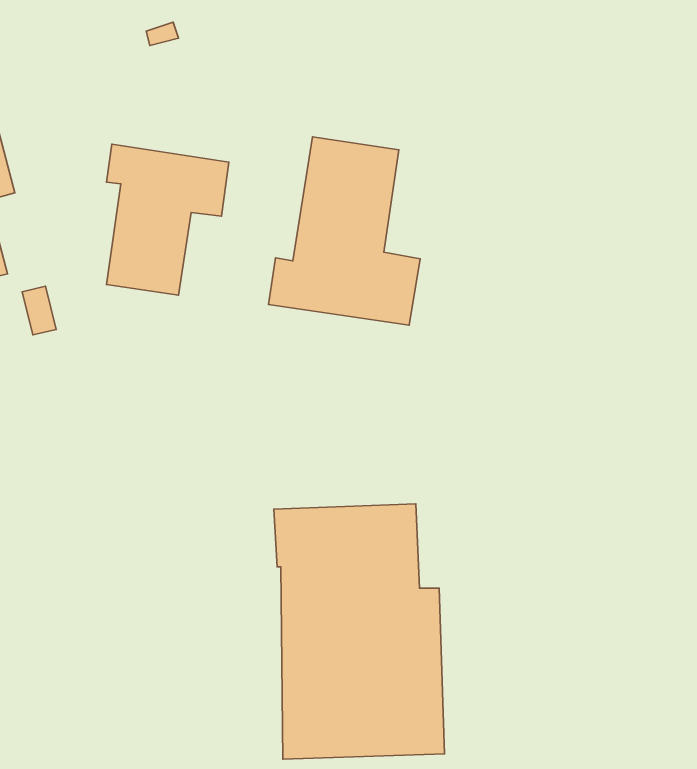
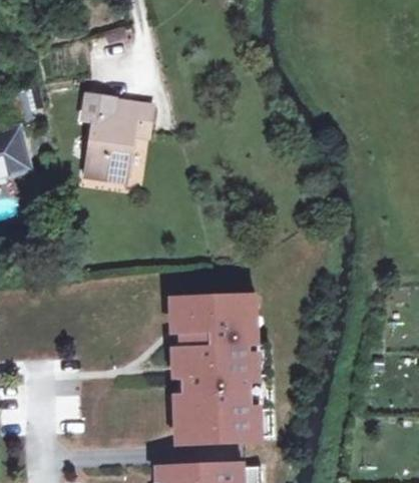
building: [268,137,420,325] -> none

